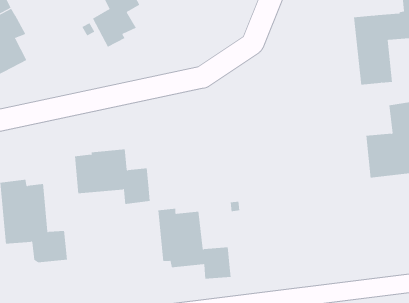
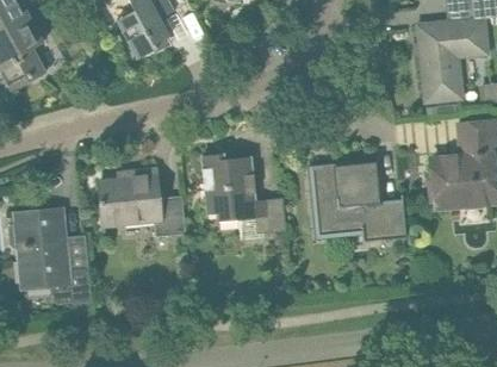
building: none -> [312,164,406,242]
building: [157,208,232,279] -> [203,153,287,234]

